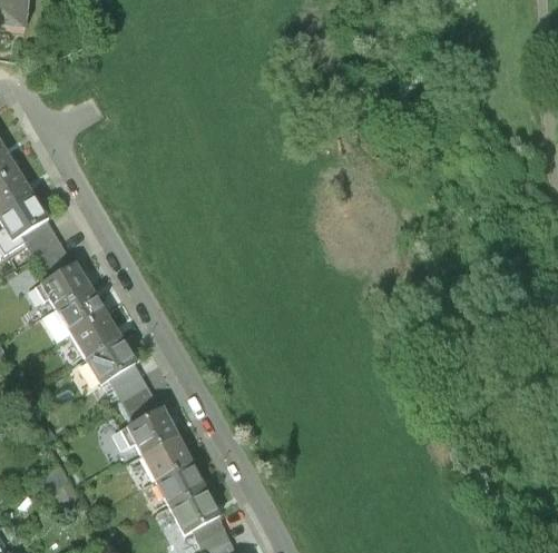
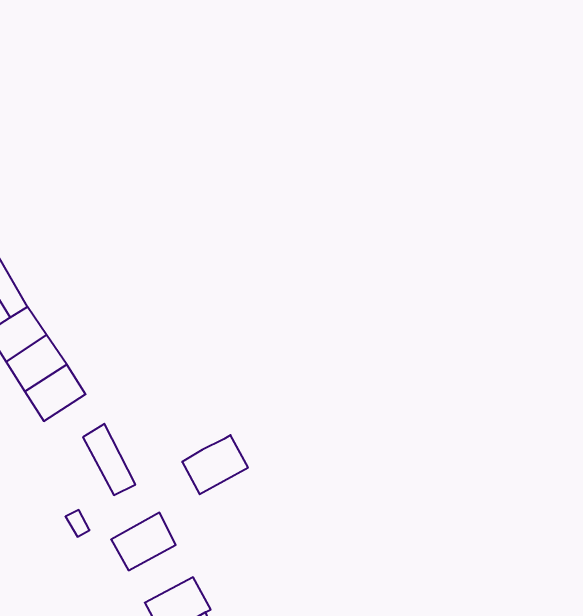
building: [84,334,134,381] -> none
building: [125,405,179,454] -> [182,435,248,494]
building: [154,458,207,506] -> none

